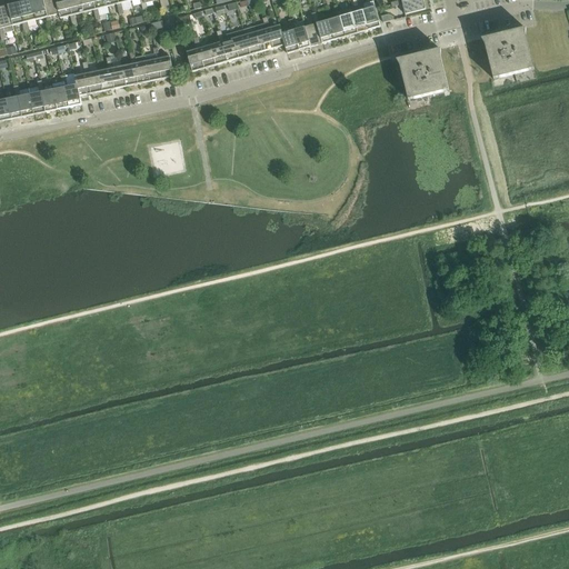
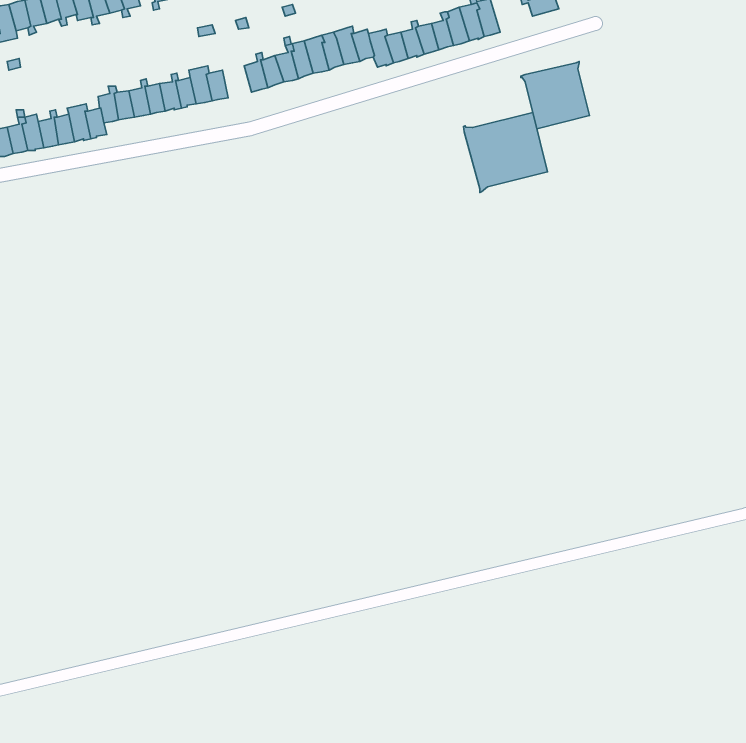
building: [481,26,533,77] -> none
building: none -> [463,113,548,193]

